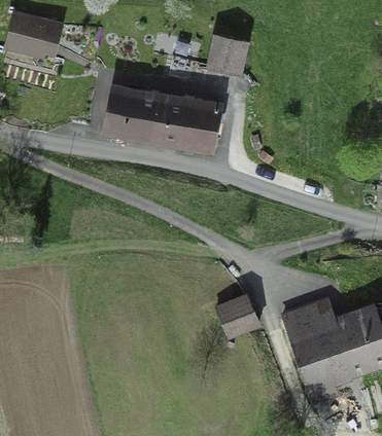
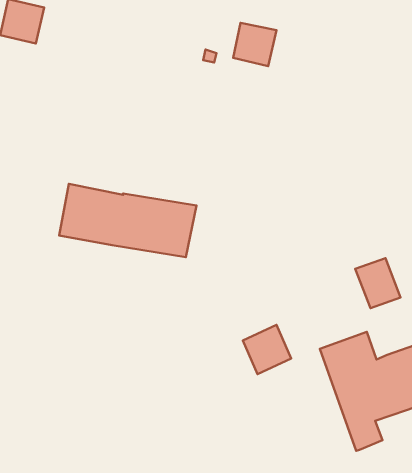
building: [104,87,221,150] -> [59,184,197,257]
building: none -> [355,258,400,308]

